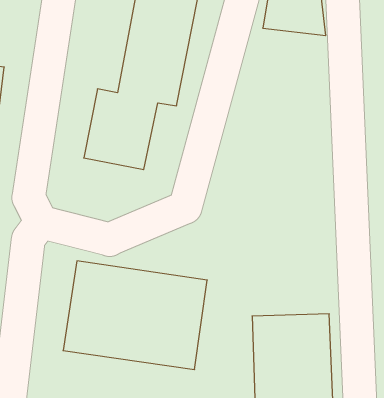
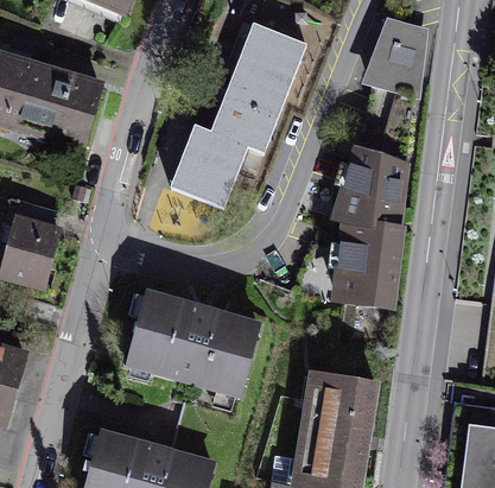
building: none -> [329,154,410,311]

